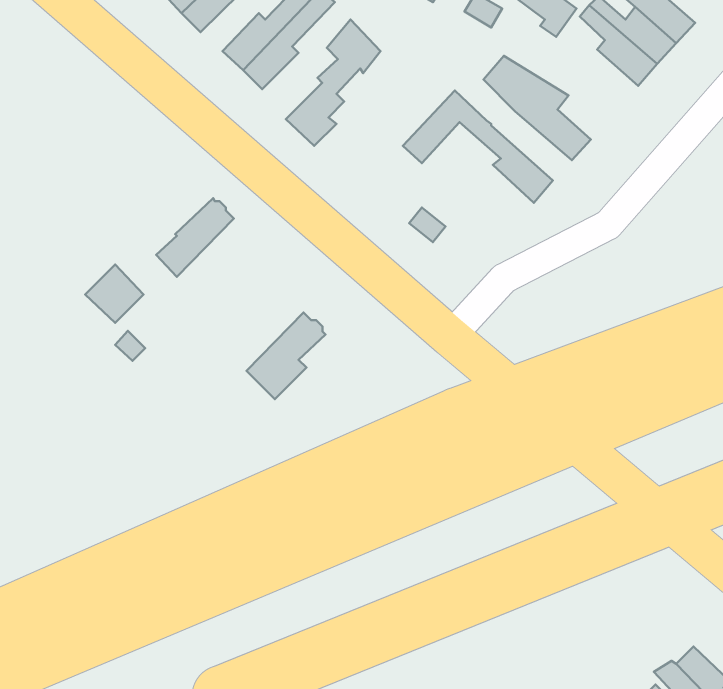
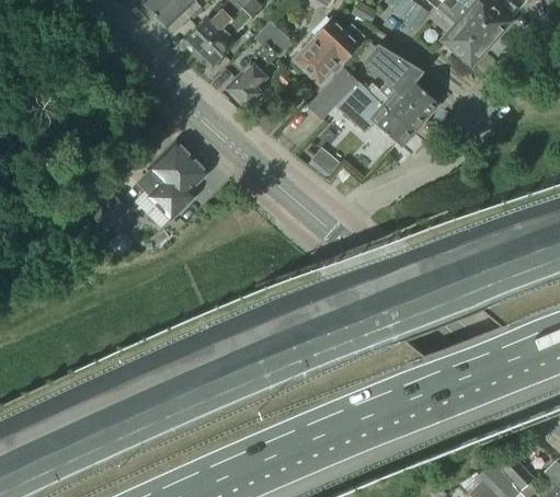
building: none -> [295,18,363,82]
building: none -> [344,67,425,130]
building: [247,312,326,399] -> [151,157,206,217]

